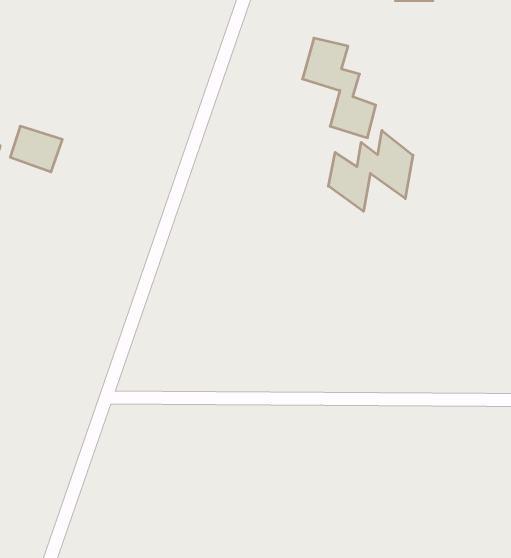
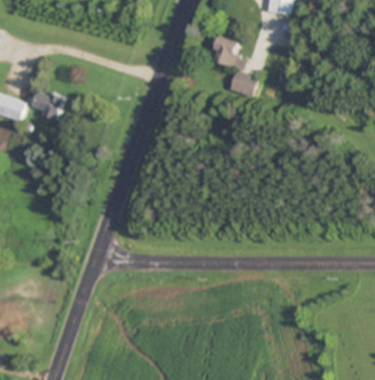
building: [328,130,413,211] -> none

